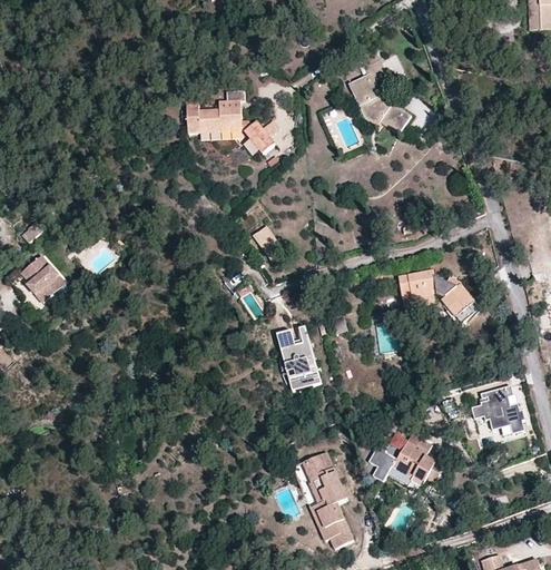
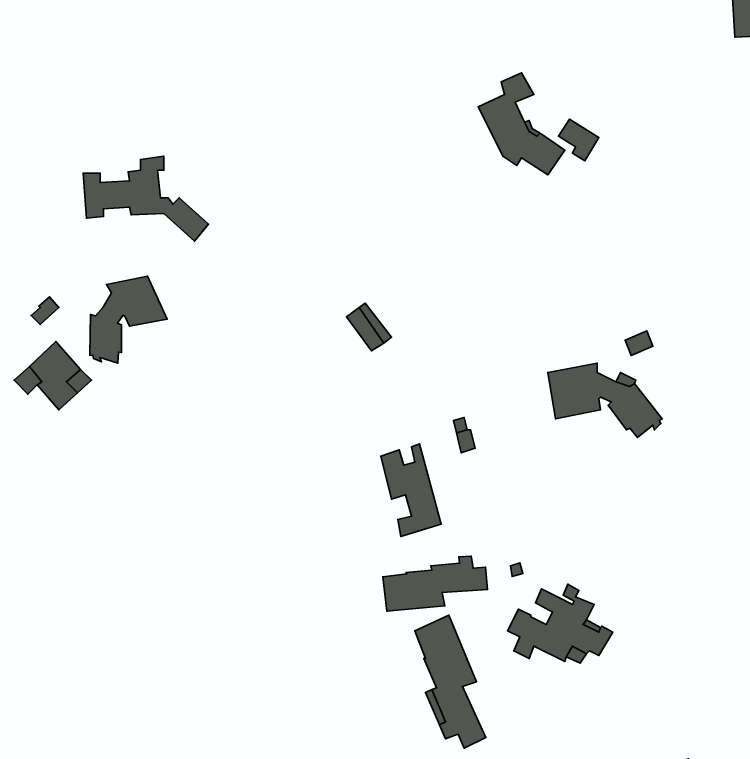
building: [185,90,275,151] -> [83,156,209,241]
building: none -> [90,276,167,363]
building: [470,385,524,433] -> none
building: none -> [383,556,487,611]

